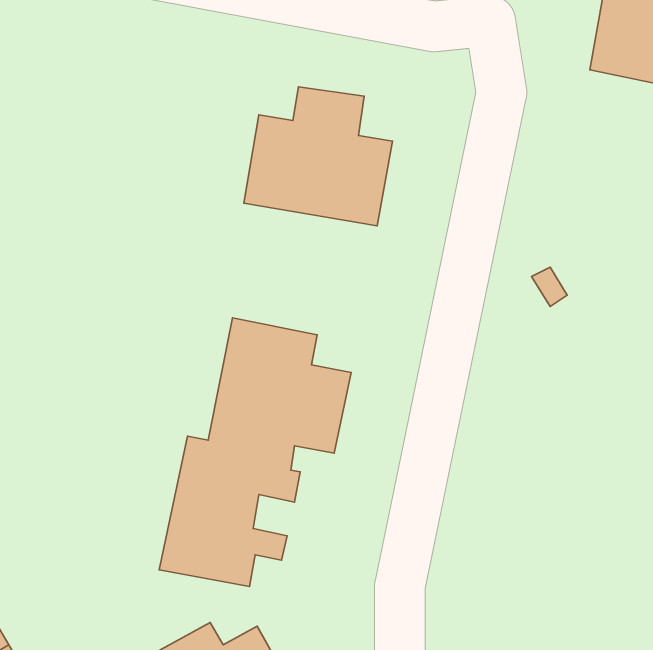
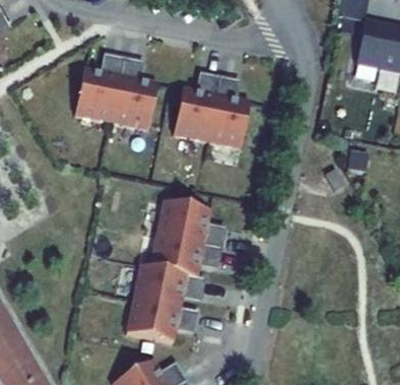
building: none -> [74,53,153,128]

